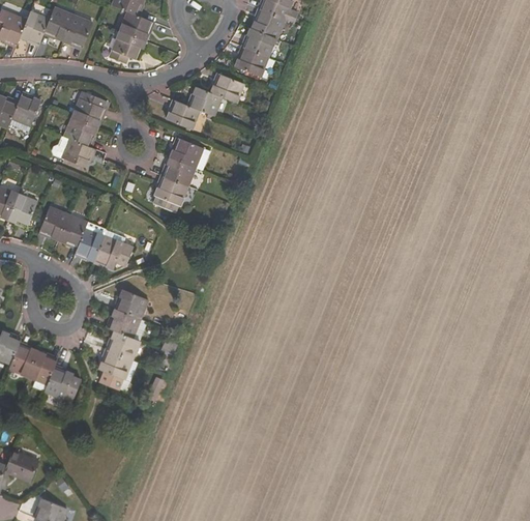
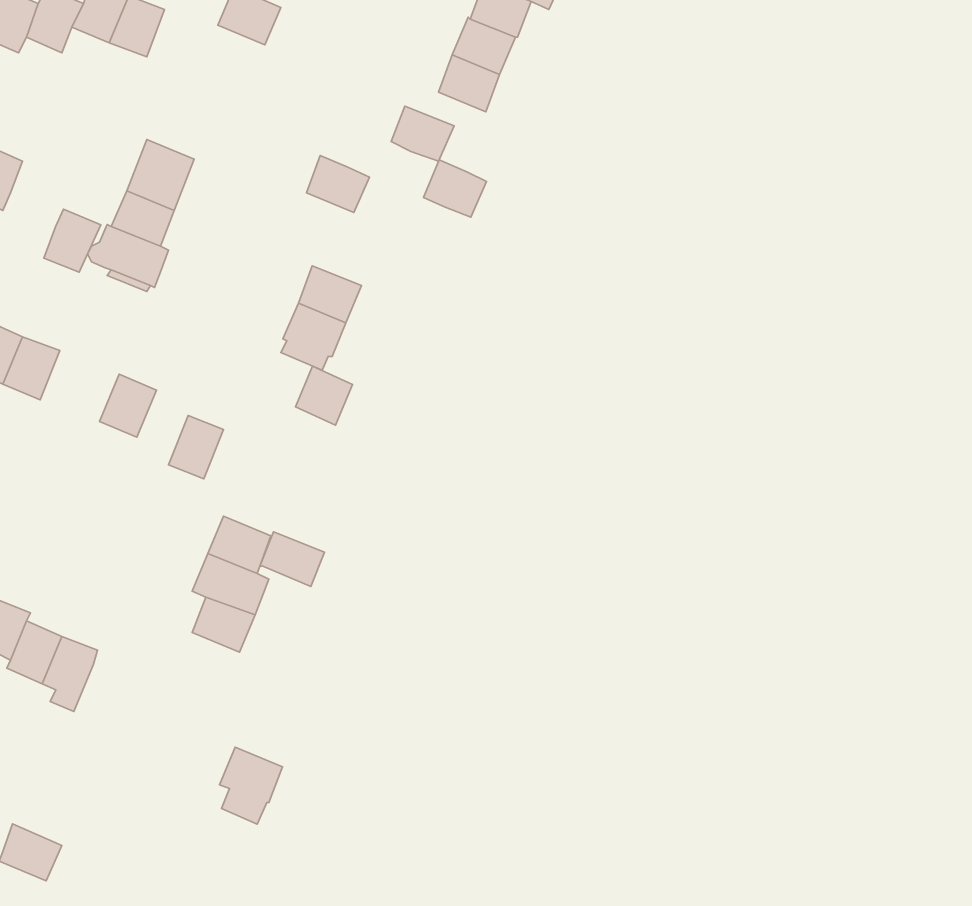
building: [110,30,145,63] -> none
building: [188,85,222,115] -> [423,160,486,217]
building: [11,92,41,125] -> [44,209,101,272]
building: [170,137,203,167] -> none
building: [38,205,68,238] -> none
building: none -> [295,366,353,425]
building: [75,222,107,261] -> none
building: none -> [260,532,324,587]
building: [98,349,131,389] -> [220,747,283,824]
building: [45,366,81,400] -> none

